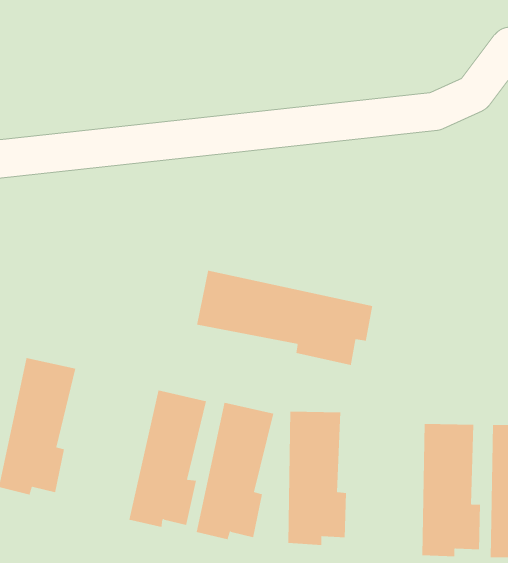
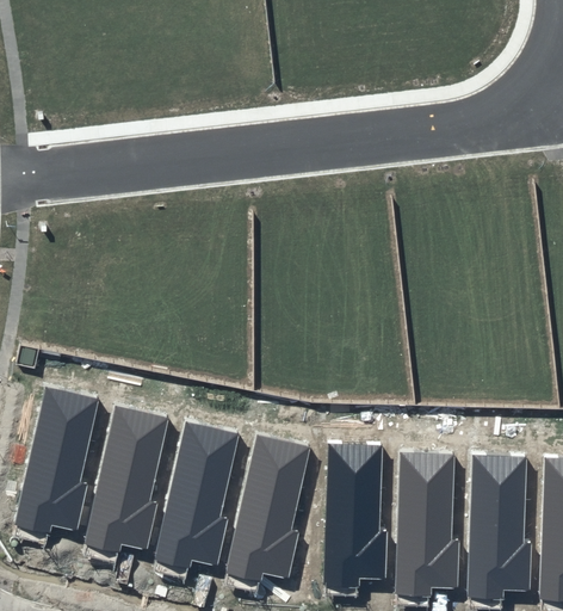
building: [197,270,373,366] -> none
building: none -> [85,405,168,551]
building: none -> [396,453,459,595]

